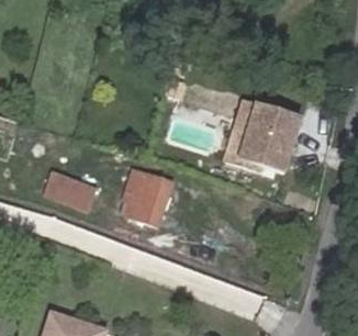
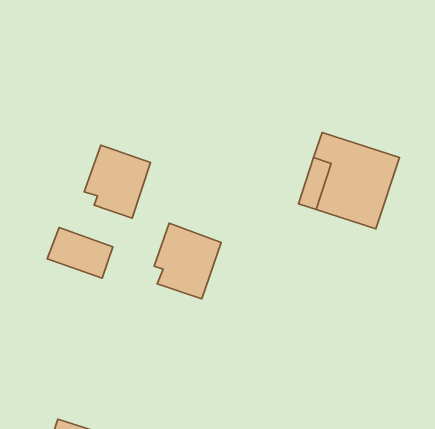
building: none -> [84,145,150,218]

